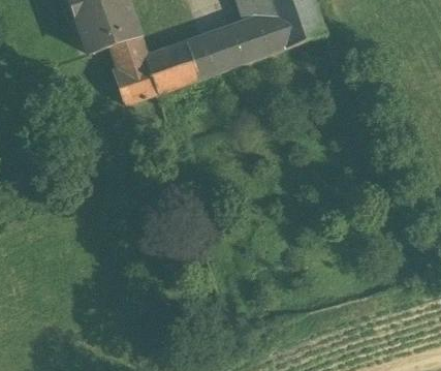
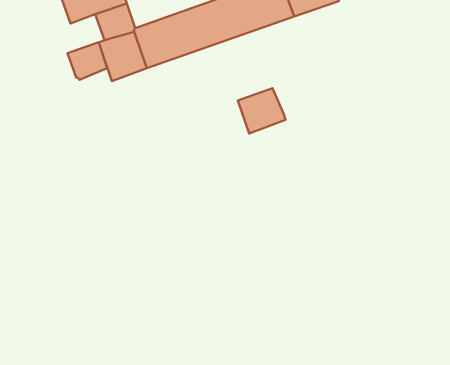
building: none -> [68,42,107,80]
building: none -> [238,88,285,134]

